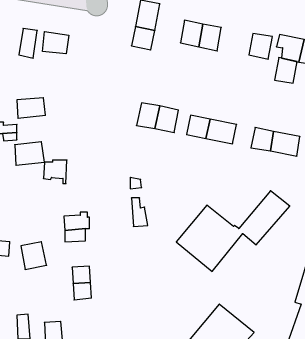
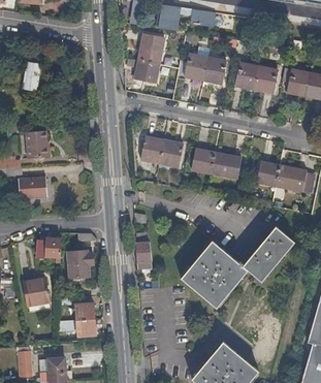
building: [43,32,69,54] -> none
building: [275,58,297,83] -> [235,63,258,89]
building: [43,160,67,184] -> [37,238,61,262]

